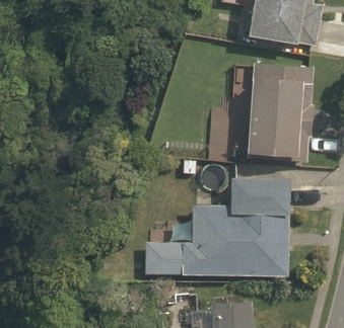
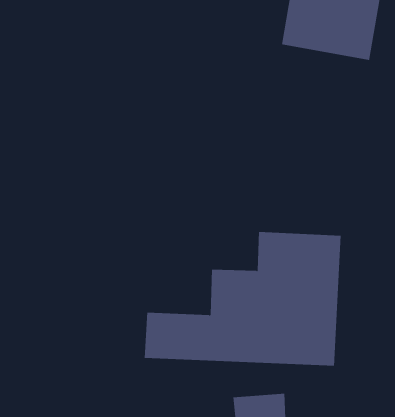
building: [246,61,309,160] -> none

